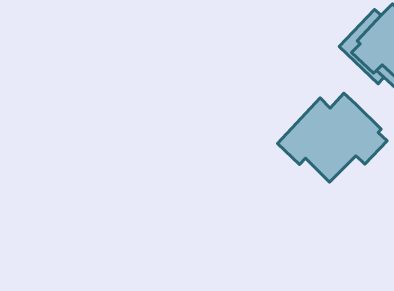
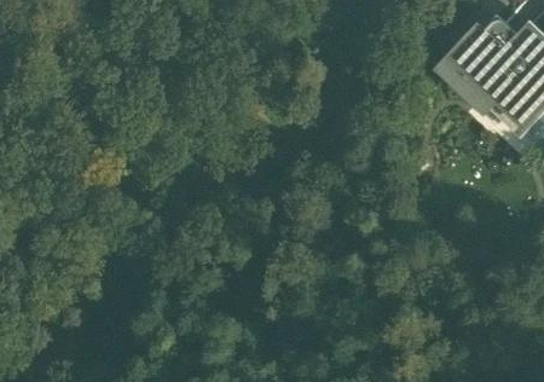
building: [277,93,387,182] -> none

